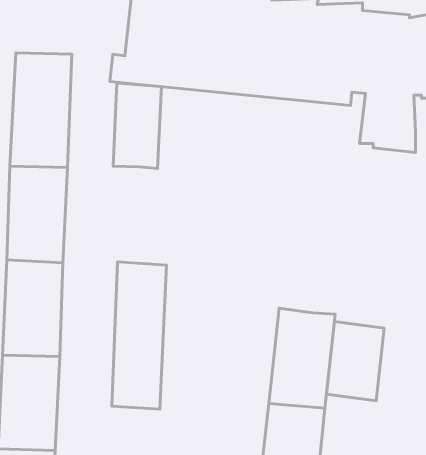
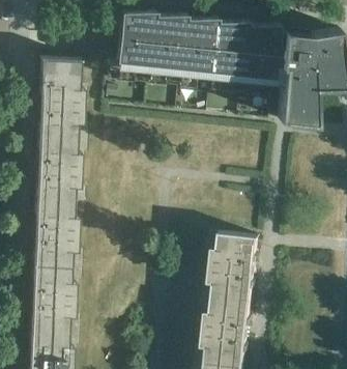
building: [113,83,161,168] -> none
building: [112,262,167,409] -> none
building: [326,322,384,401] -> none

